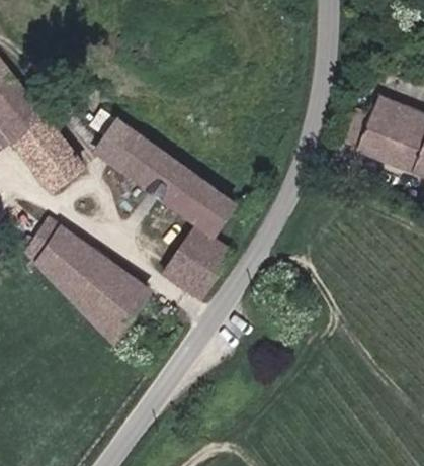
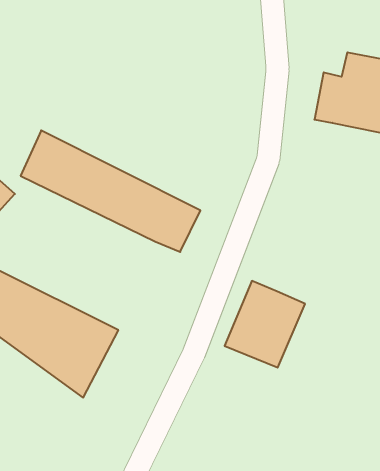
building: [163,223,235,298] -> [225,281,305,368]

